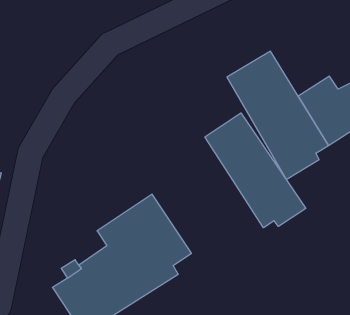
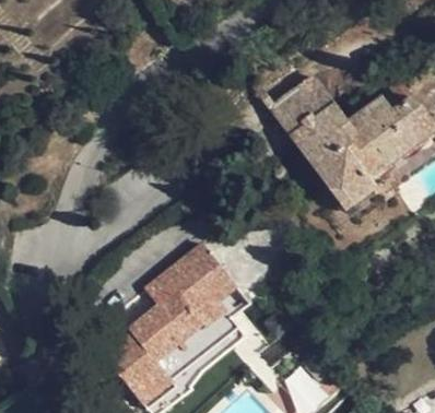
building: [205,113,306,228] -> none

